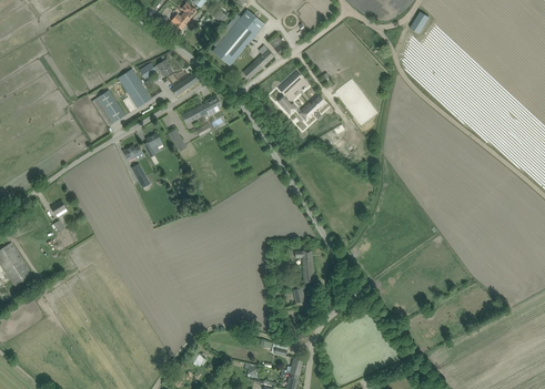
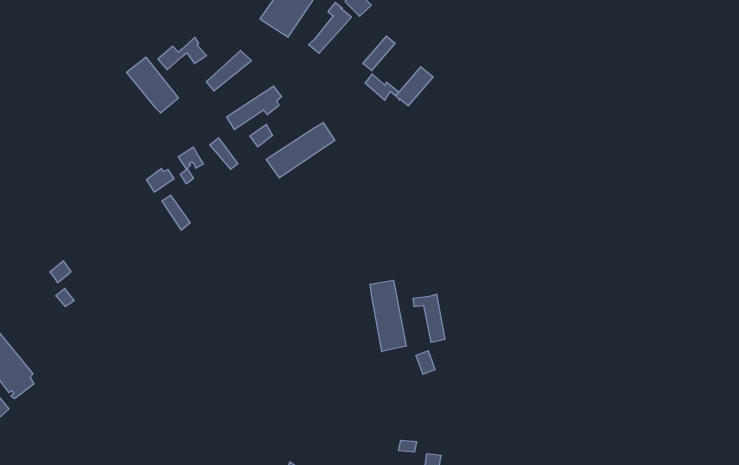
building: [92,90,125,126] -> none
building: none -> [266,122,335,178]
building: none -> [370,280,406,352]

